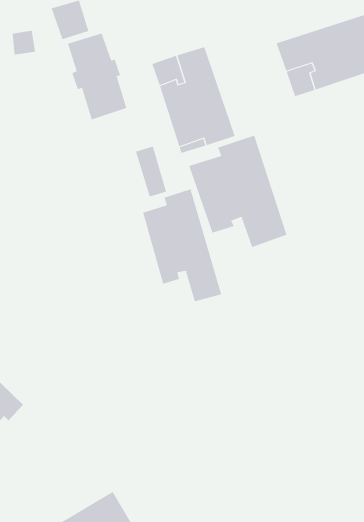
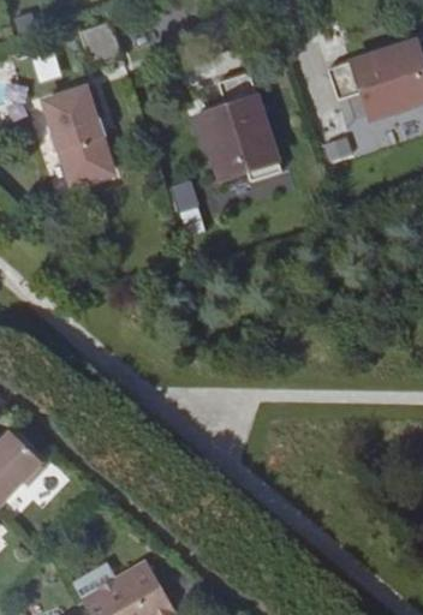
building: [67,33,127,120] -> [46,90,112,186]
building: [189,135,287,248] -> none
building: [142,189,222,302] -> none

